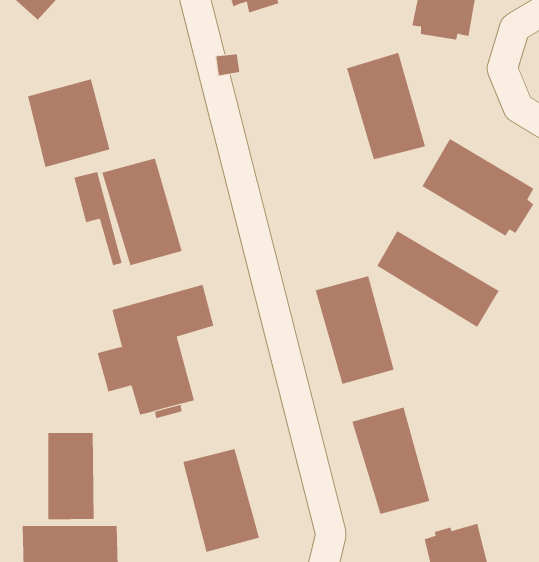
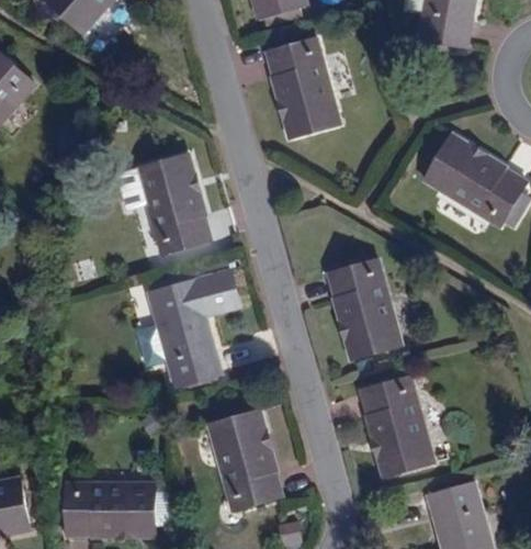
building: [346,52,426,160] -> [268,41,339,137]
building: [28,78,110,168] -> none
building: [377,230,500,328] -> none
building: [48,432,94,520] -> none

